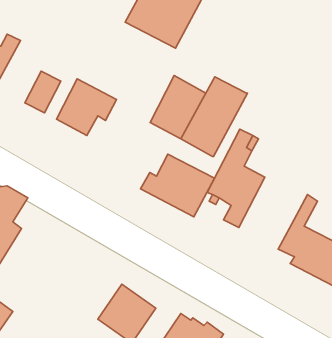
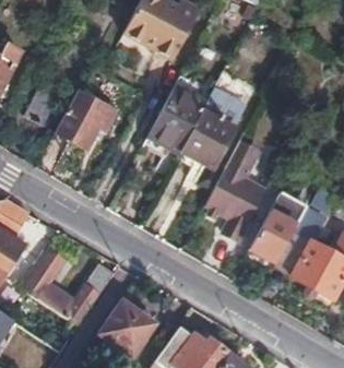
building: [140,154,214,217] -> none
building: none -> [251,212,295,262]
building: none -> [23,248,112,323]

